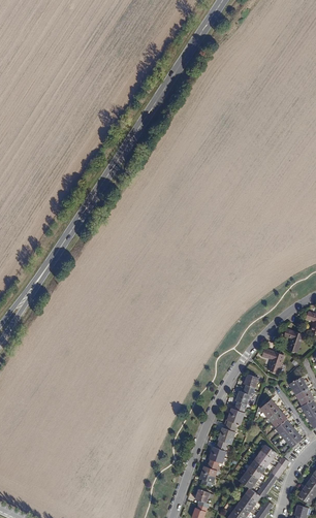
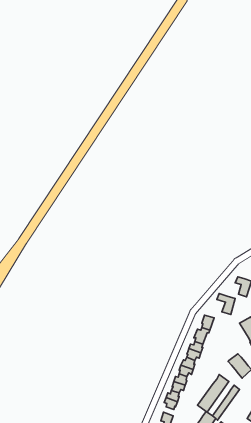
building: [259,399,287,428] -> none

